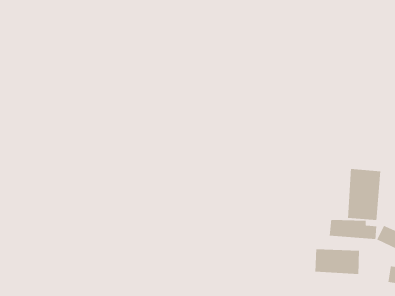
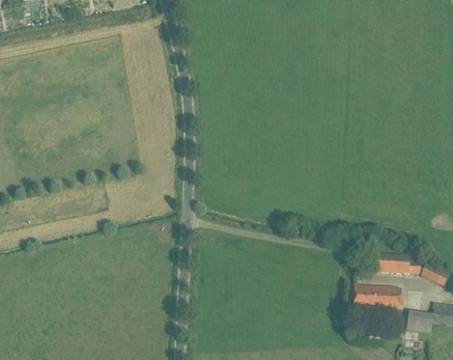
building: [347,168,381,221] -> none
building: none -> [406,308,434,332]

